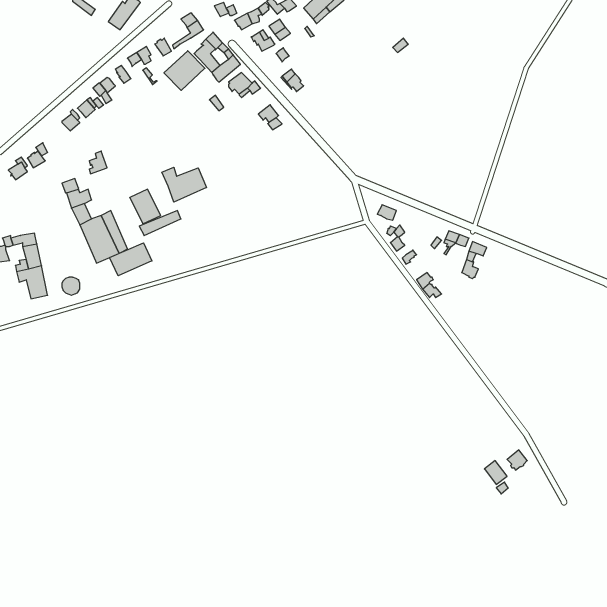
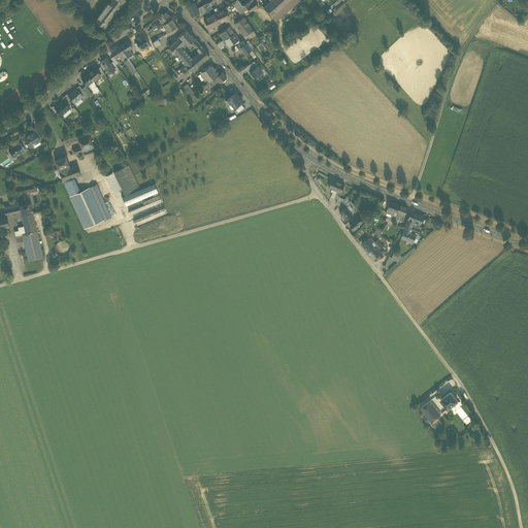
building: [164,51,205,90] -> none
building: [162,167,206,202] -> none
building: [110,243,152,276] -> none

